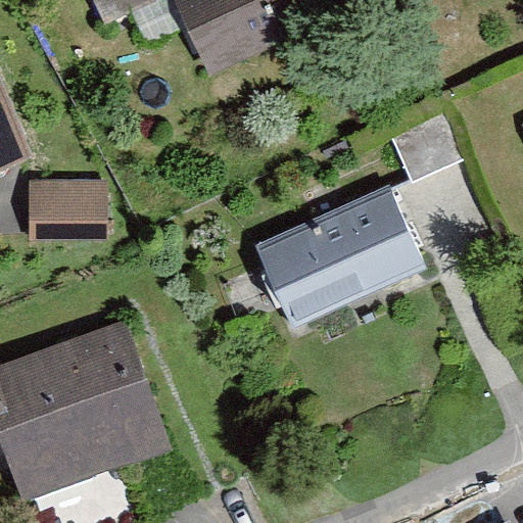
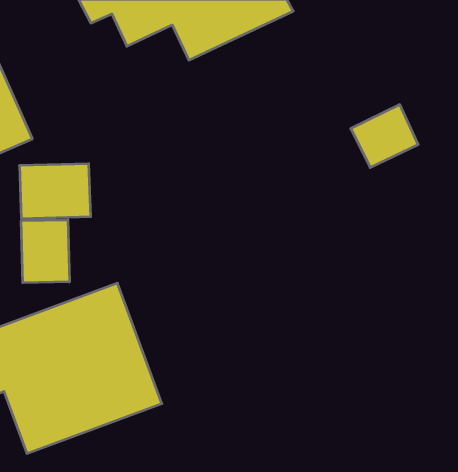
building: [259,181,429,328] -> none
building: none -> [21,220,69,283]

